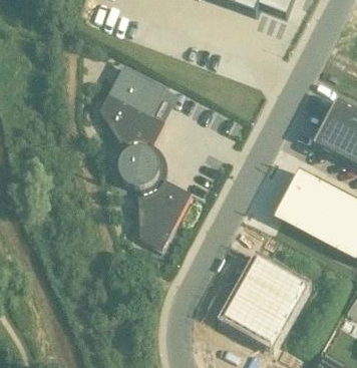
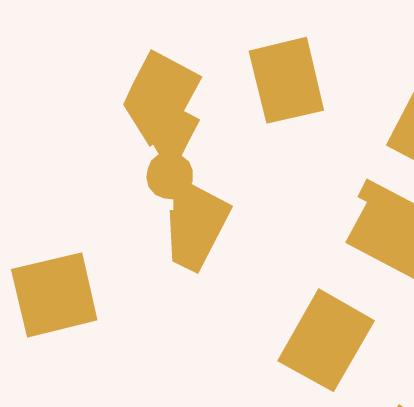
building: none -> [248,36,325,124]
building: none -> [10,251,98,338]

